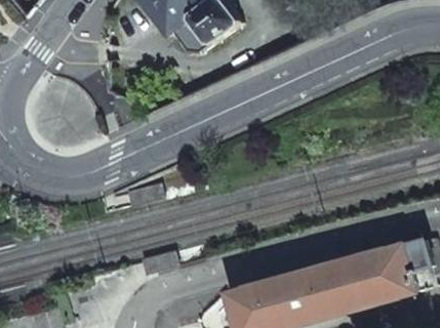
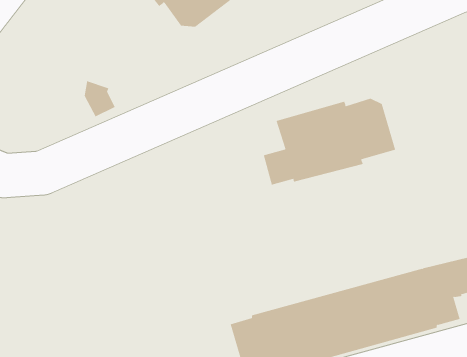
building: none -> [263,98,396,185]

